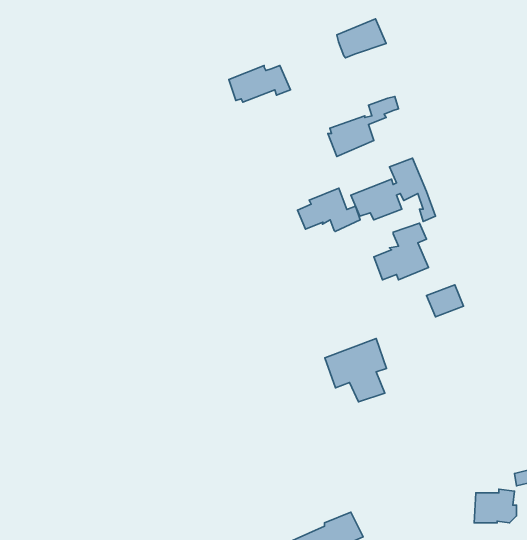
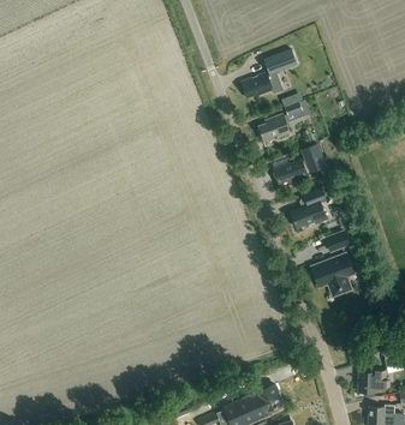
building: [229,65,291,102] -> [242,73,284,98]
building: [297,188,360,231] -> none
building: [325,338,387,402] -> [311,253,353,297]

